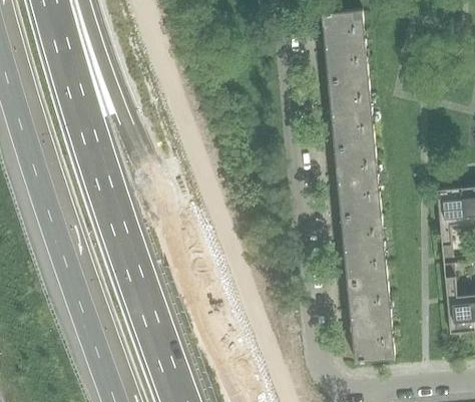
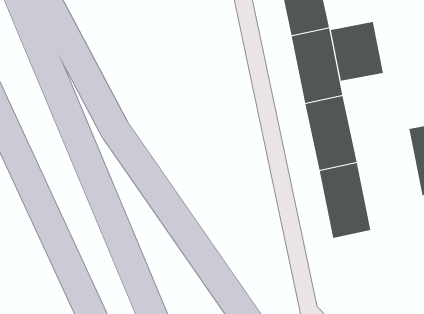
building: none -> [330,21,384,82]
building: [348,287,395,360] -> none

